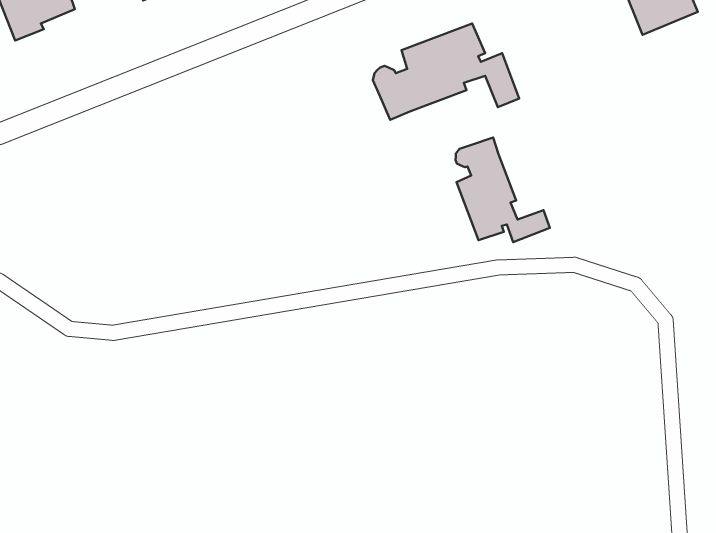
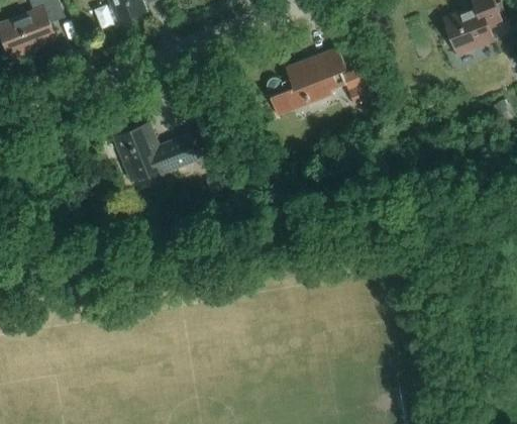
building: none -> [114,122,210,179]
building: [456,138,550,242] -> none

